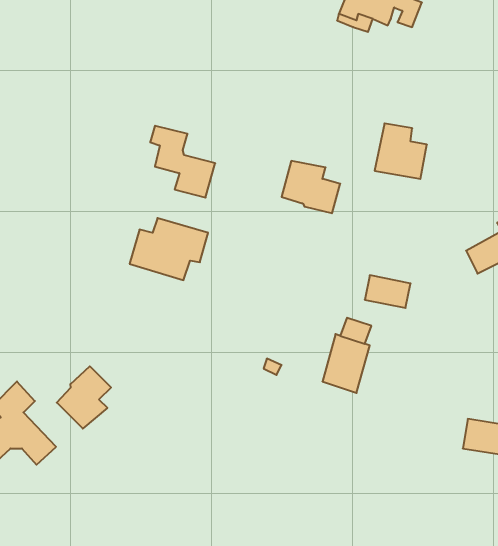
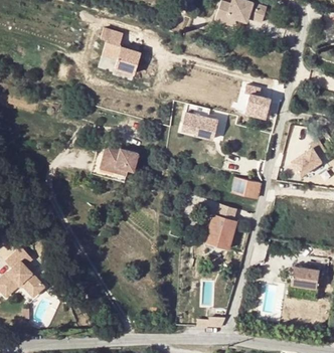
building: [150,126,215,198] -> [103,31,143,75]
building: [57,366,111,429] -> none

